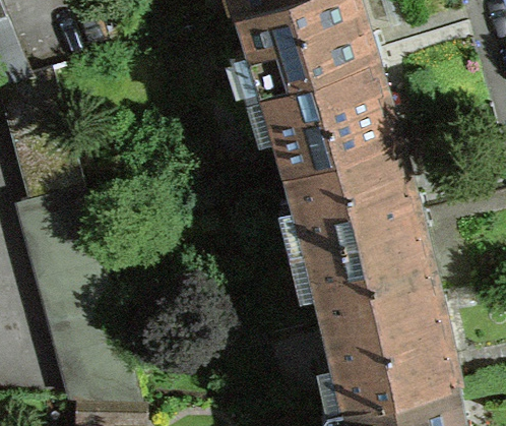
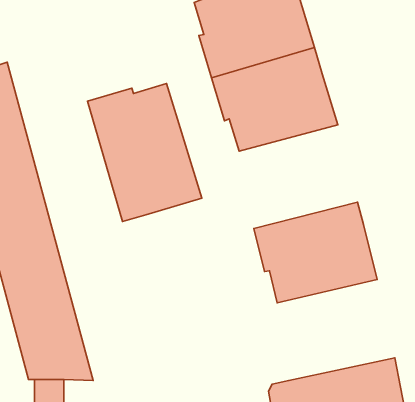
building: none -> [88,84,202,221]
building: [287,135,409,243] -> none
building: [326,296,448,401] -> none

